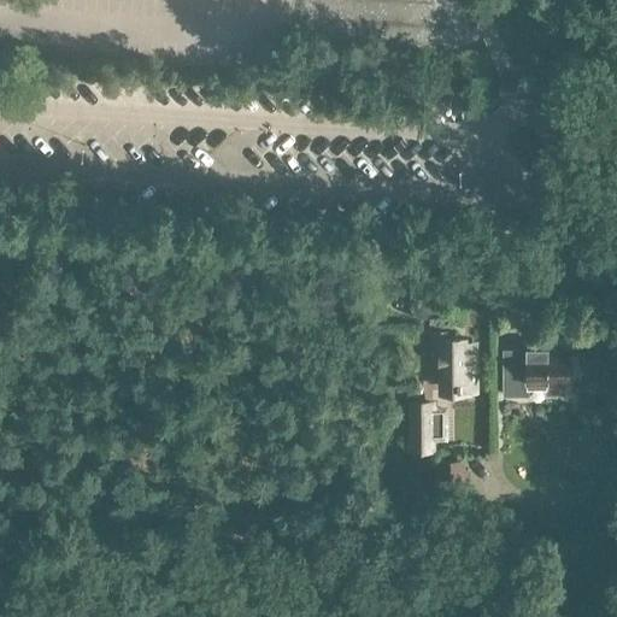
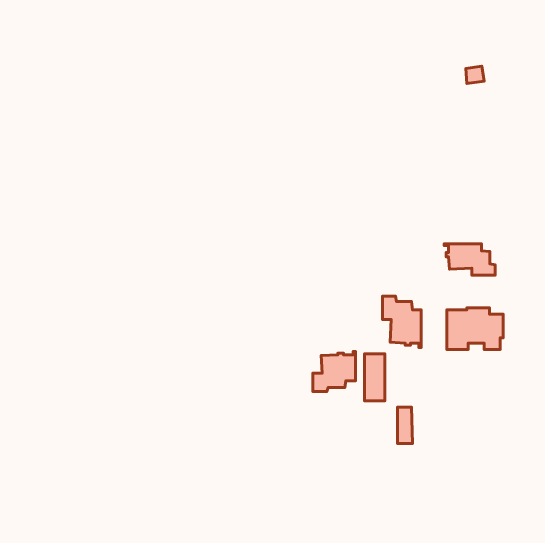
building: none -> [444,244,495,275]
building: none -> [313,351,355,392]

